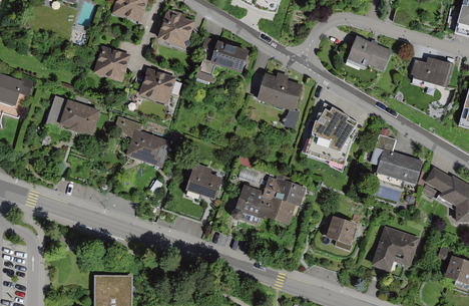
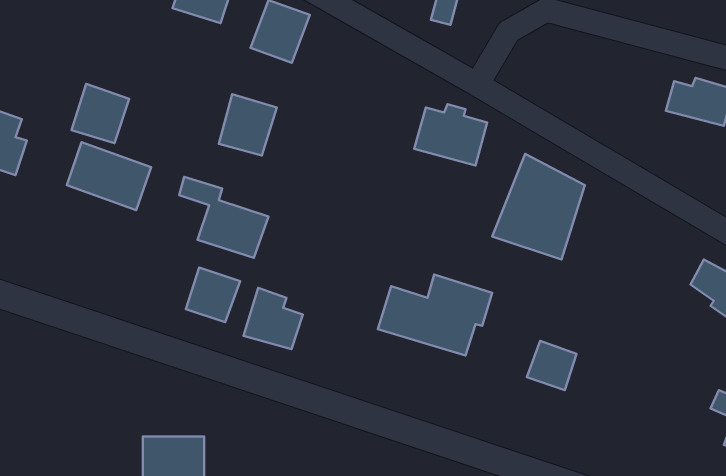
building: [347,36,391,70] -> none
building: [194,37,247,81] -> none
building: [93,46,128,82] -> [71,84,129,143]
building: [371,133,421,184] -> none
building: [186,163,222,200] -> [243,288,303,349]
building: none -> [186,267,240,322]
building: [373,226,420,271] -> none

